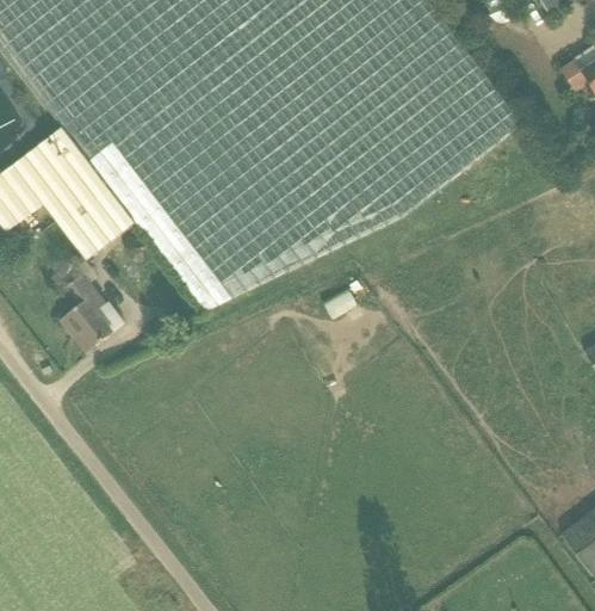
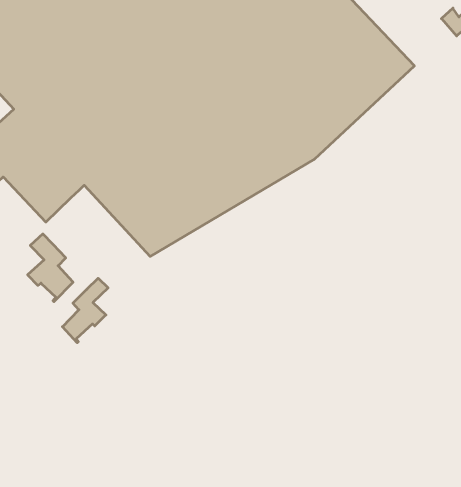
building: none -> [62,278,108,343]

